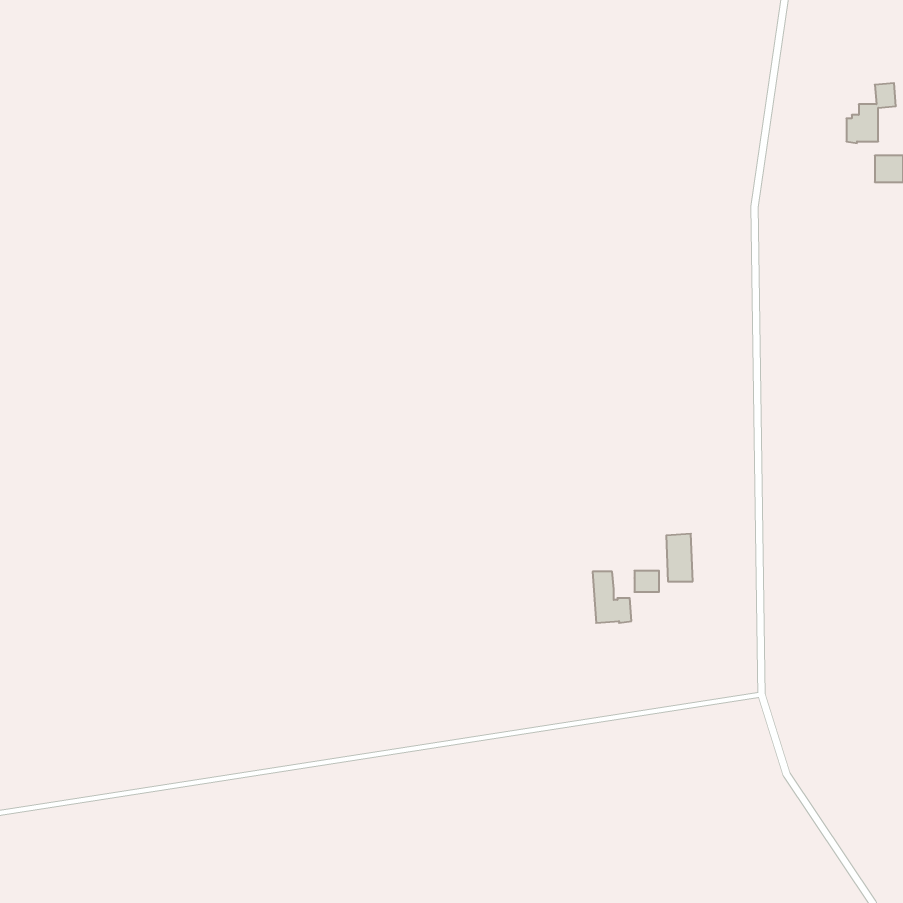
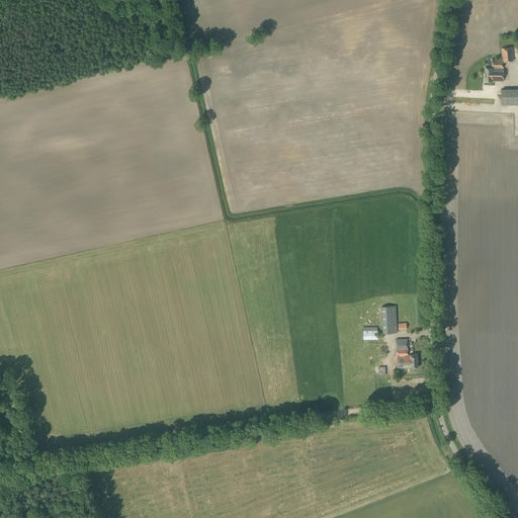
building: [593,572,631,623] -> [396,339,418,368]

